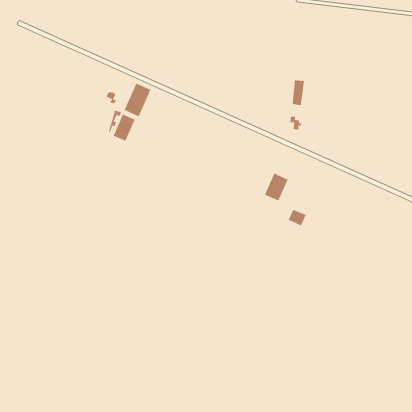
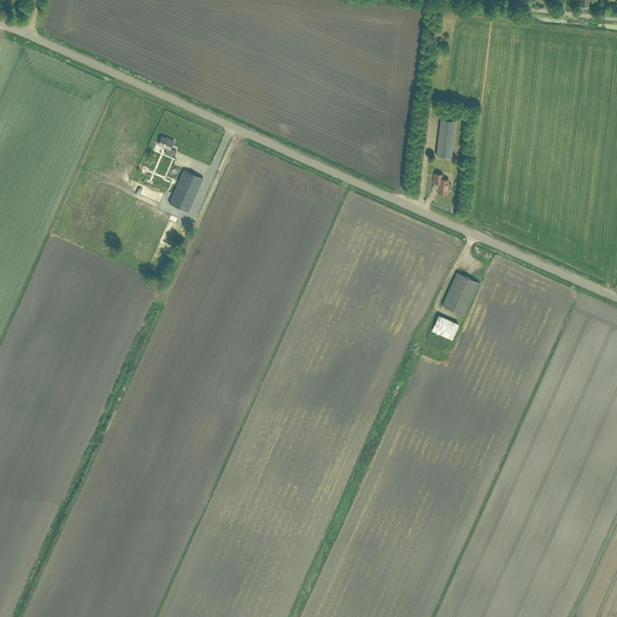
building: [124,83,151,117] -> none
building: [264,173,289,201] -> [442,274,478,316]

